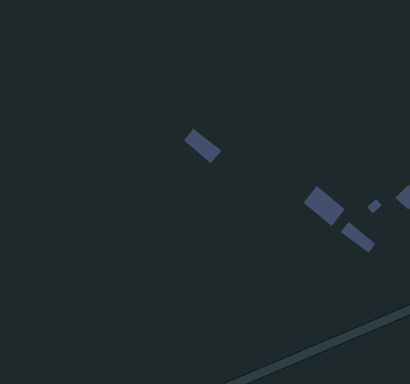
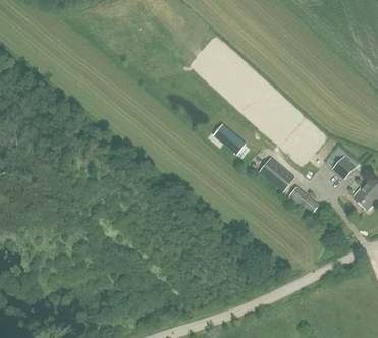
building: [183,128,222,165] -> [213,124,245,154]

